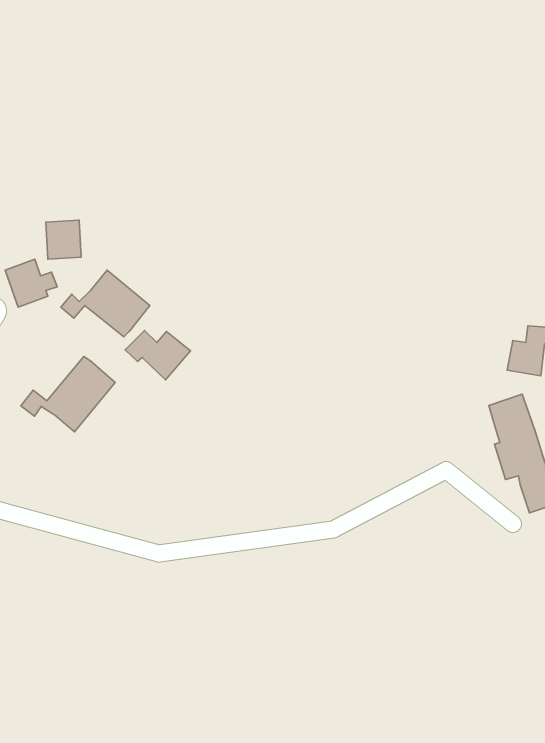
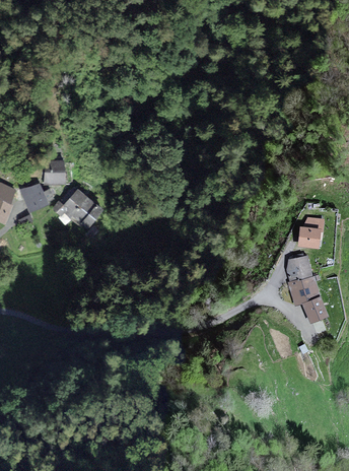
building: [125,330,190,380] -> none
building: [21,357,115,432] -> none

